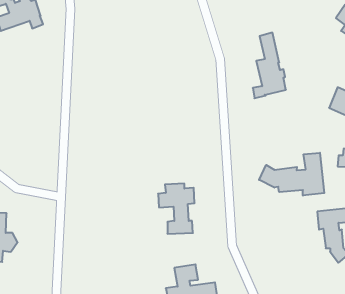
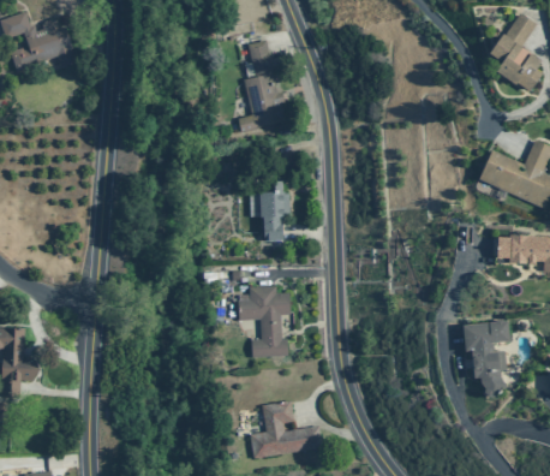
building: [253,33,286,98] -> [239,40,286,132]
building: none -> [259,192,291,240]
building: [259,153,324,196] -> none

